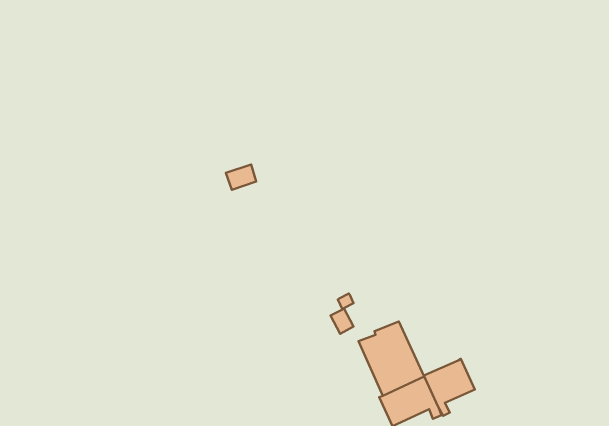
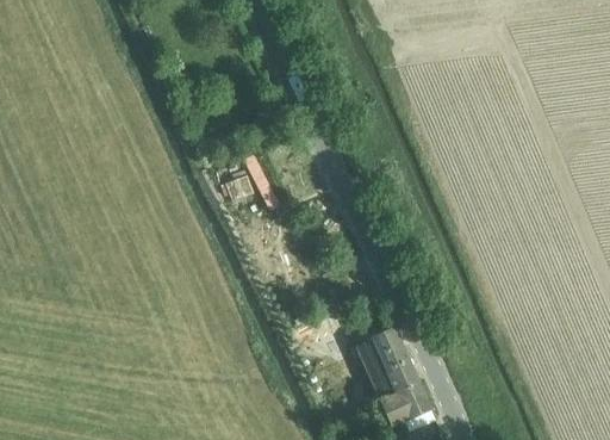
building: [424,359,475,416] -> none

